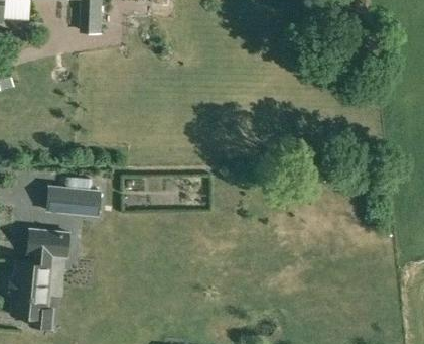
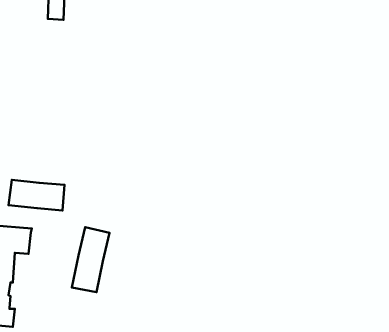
building: none -> [72,227,109,292]

